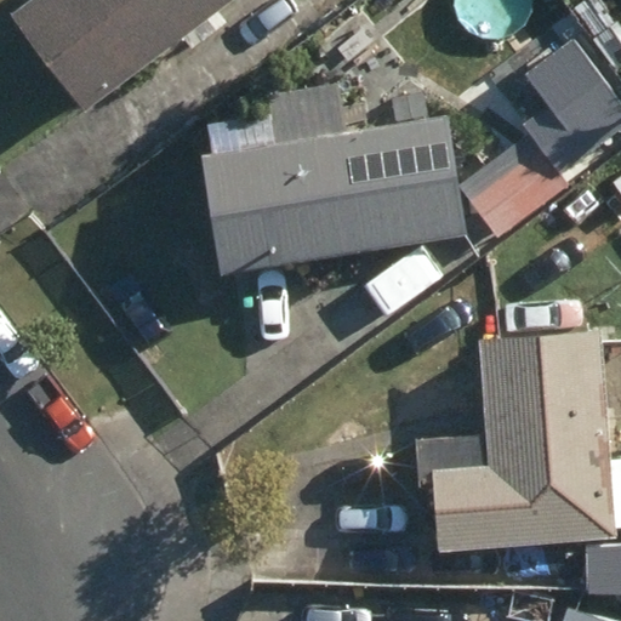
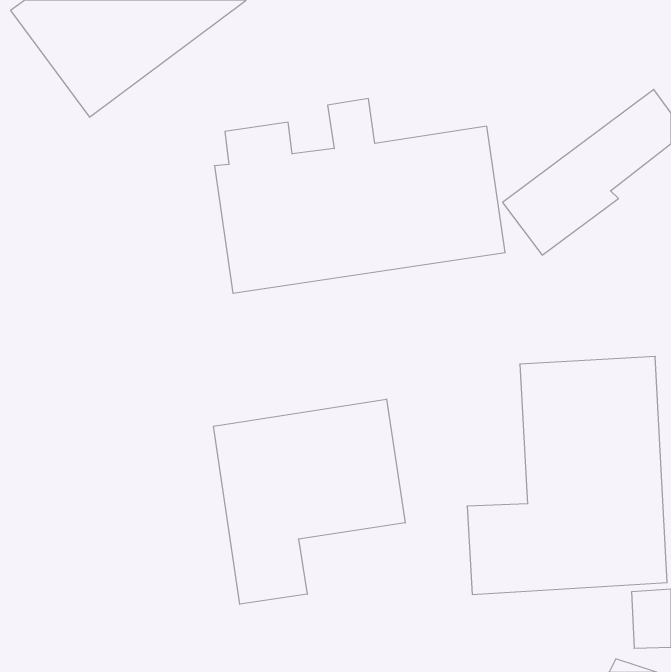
building: none -> [213,399,405,604]

